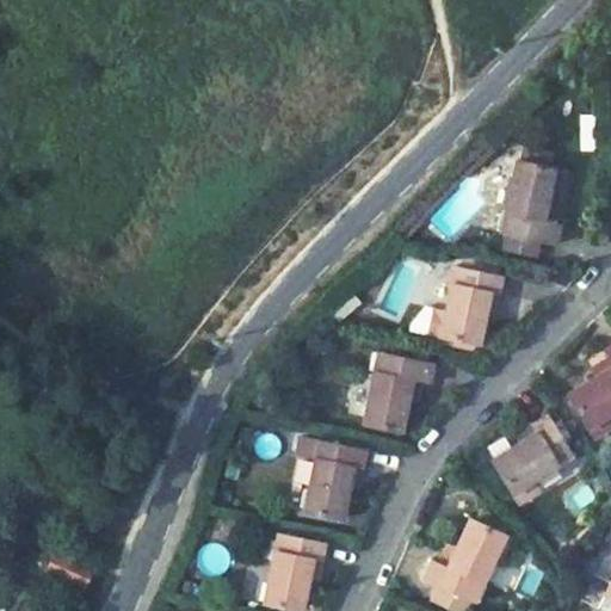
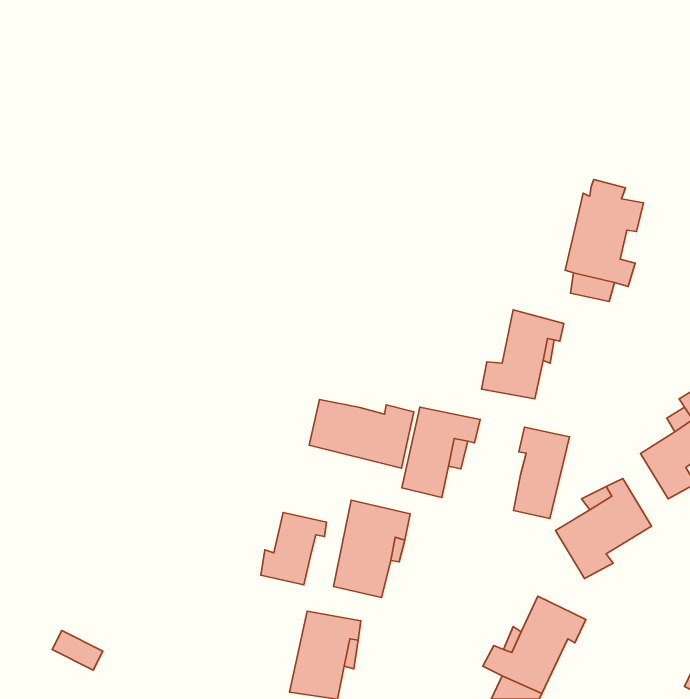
building: none -> [309,399,414,468]
building: none -> [514,427,569,519]
building: none -> [261,512,326,585]

